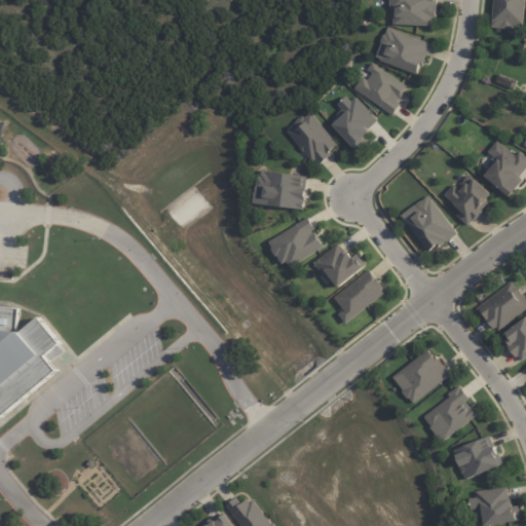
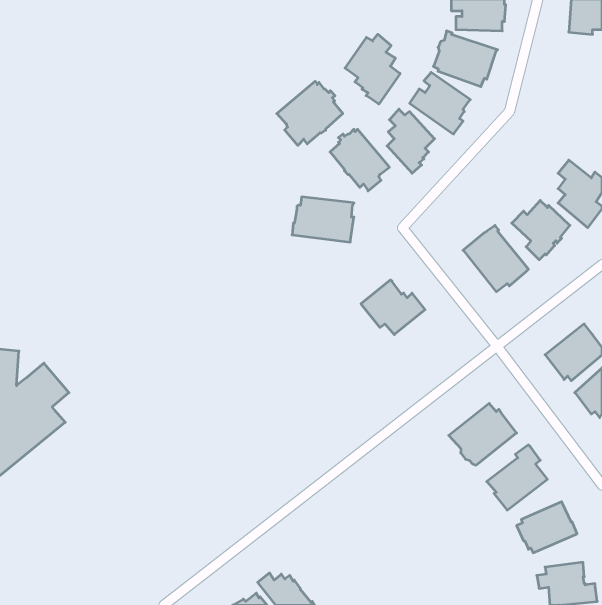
building: none -> [345,34,400,104]
building: none -> [277,81,343,145]
building: [268,217,324,268] -> none
building: [334,270,384,325] -> none

